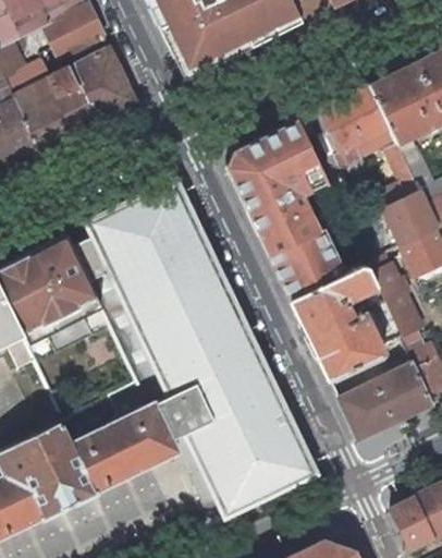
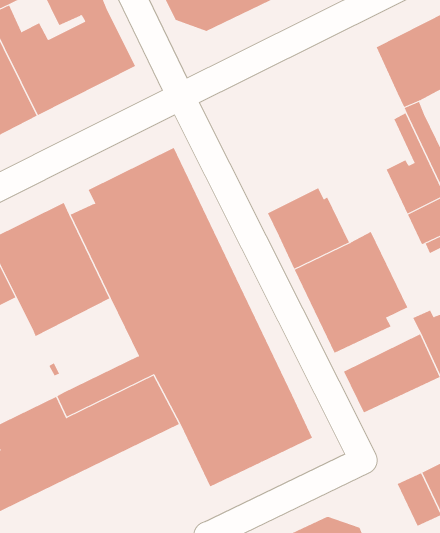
building: [320,84,393,190] -> none
building: [230,120,330,245] -> none
building: [368,254,426,347] -> none

